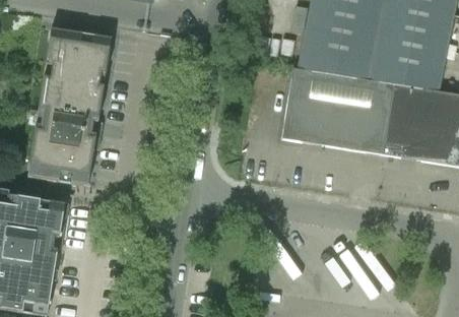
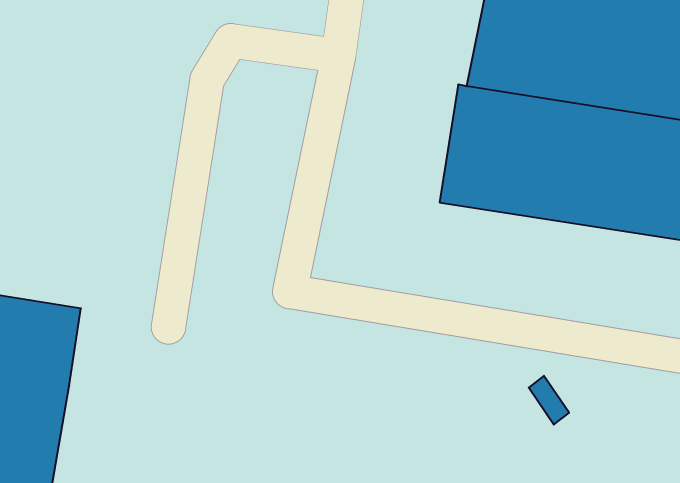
building: [26,26,111,184] -> none

